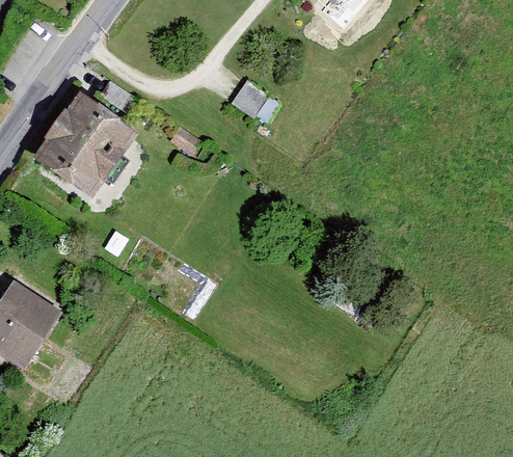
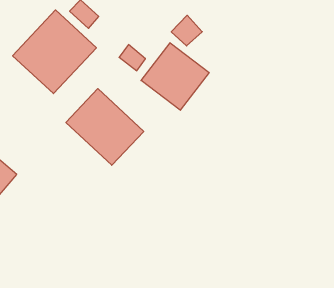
building: none -> [141,43,209,110]
building: none -> [66,89,144,165]

